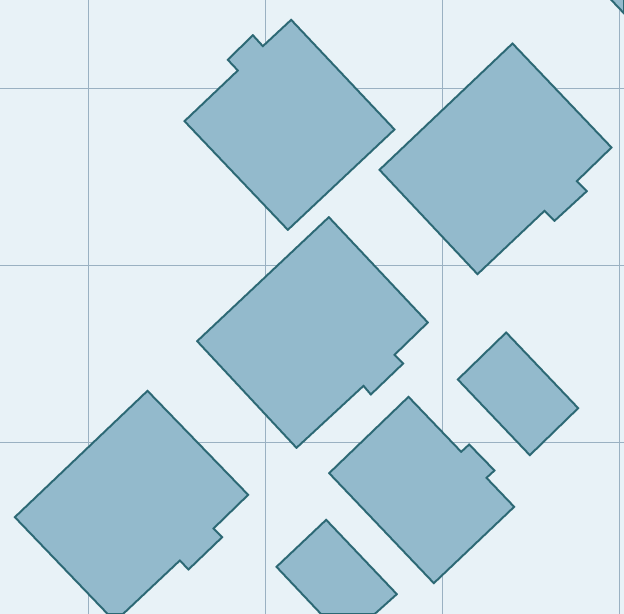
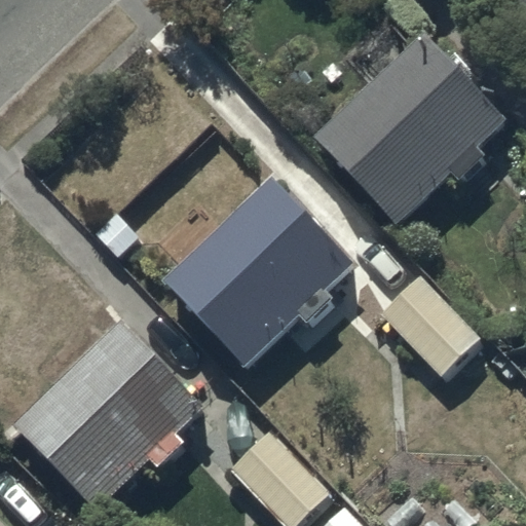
building: [185,20,394,230] -> none
building: [329,397,514,583] -> none

